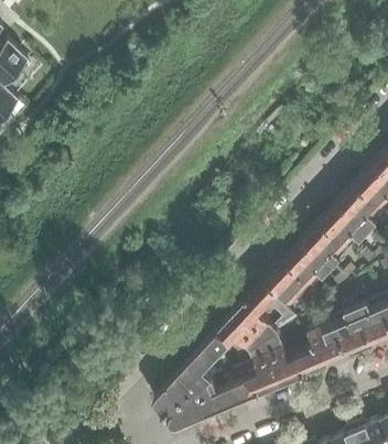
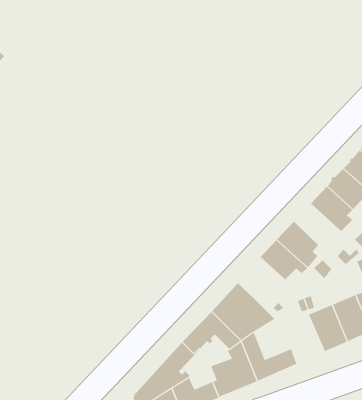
building: [319,206,366,248] -> none
building: [262,260,310,302] -> none
building: [306,317,349,367] -> none

